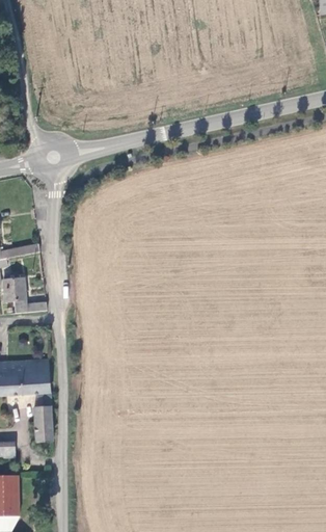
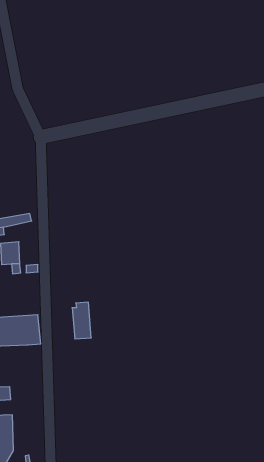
building: [31,400,53,442] -> [72,302,91,339]

